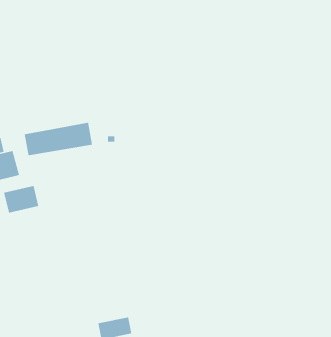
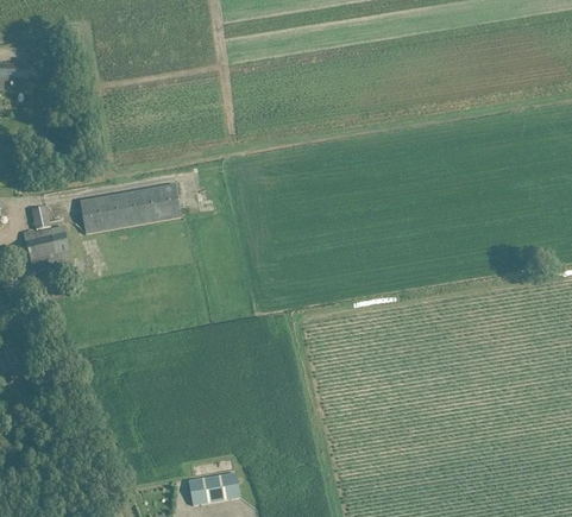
building: [4,185,39,214] -> none

